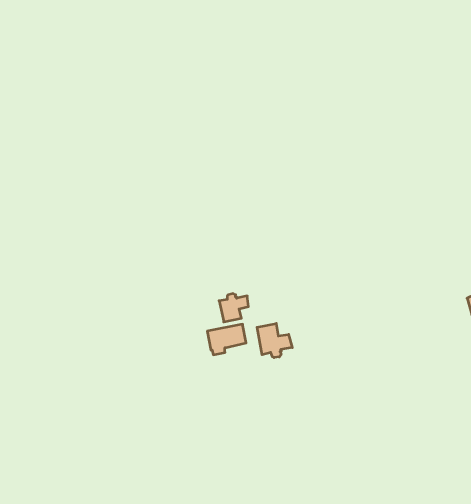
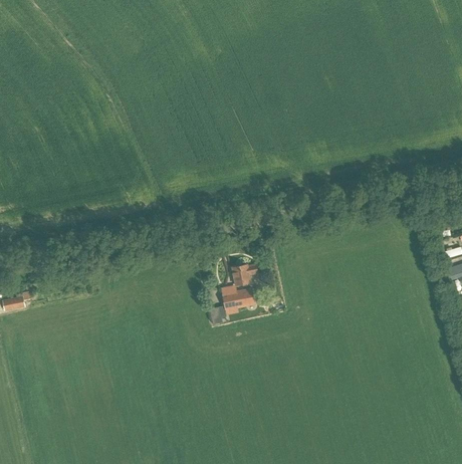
building: [257,323,292,358] -> none

